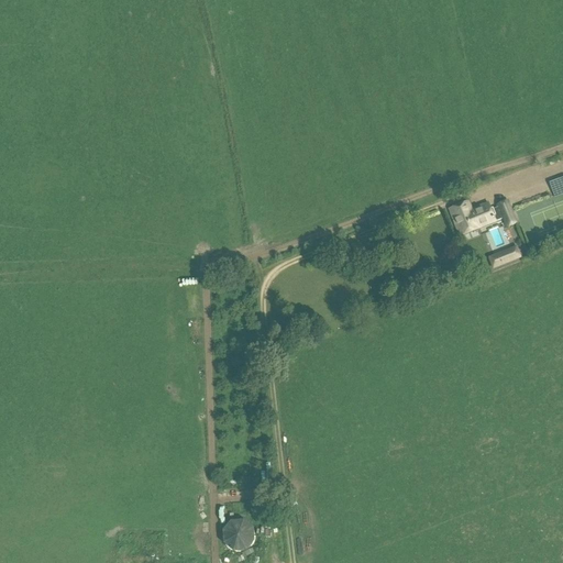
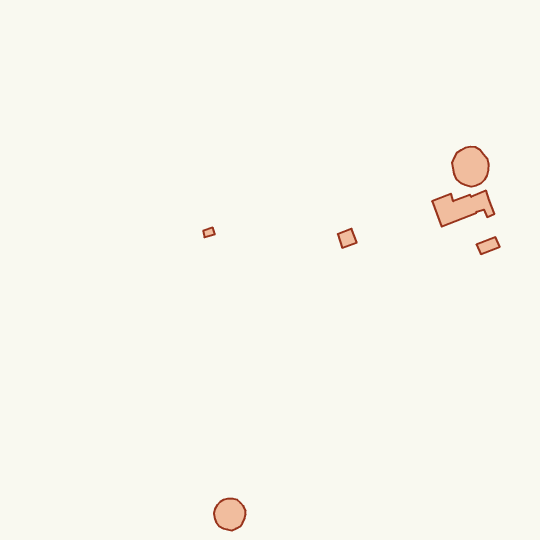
building: none -> [452,147,488,187]

